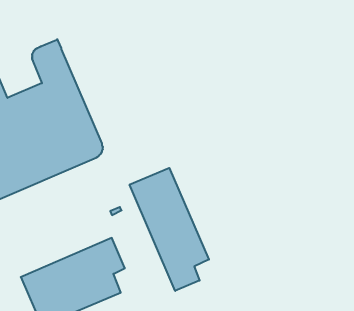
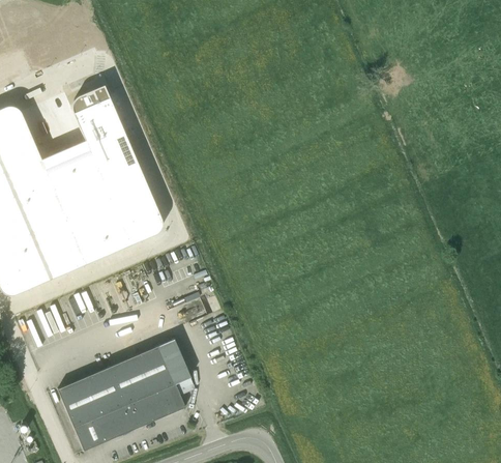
building: [130,168,209,291] -> none

